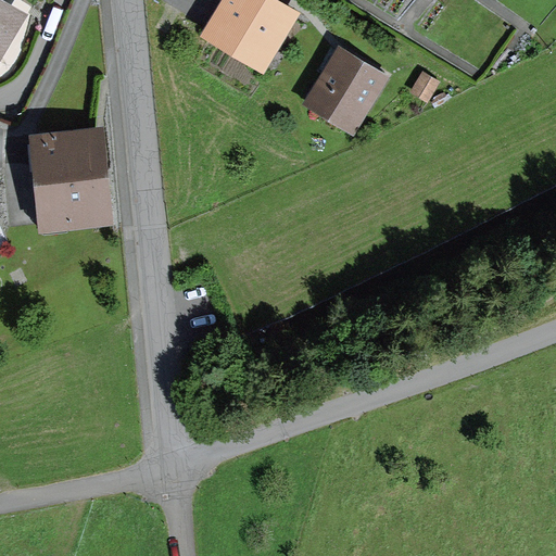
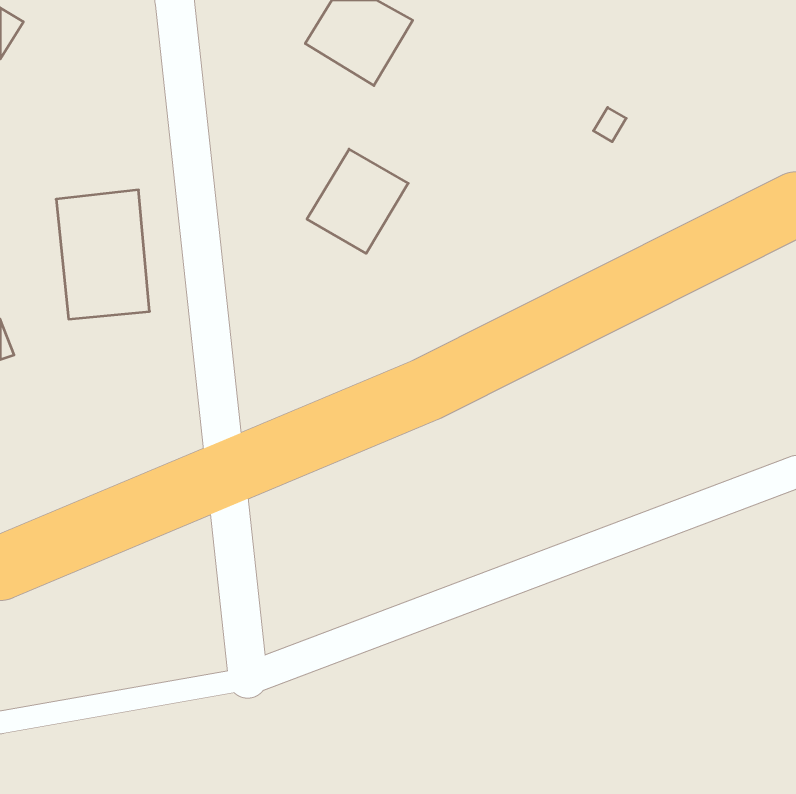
building: [308,52,379,125] -> [307,149,408,253]

